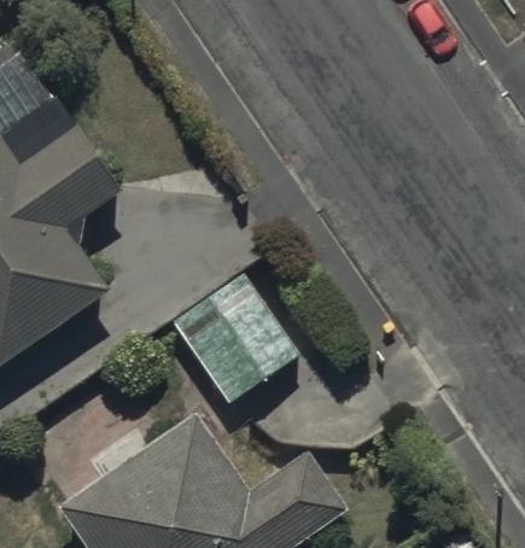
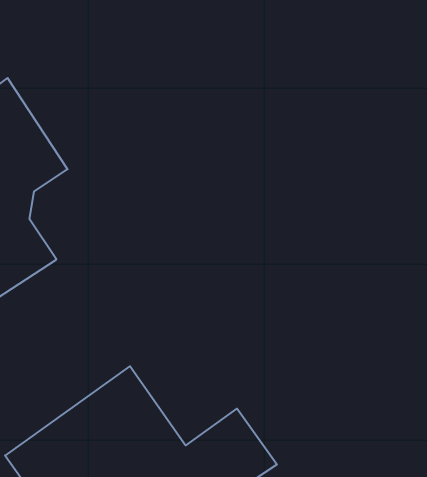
building: [171,273,298,402] -> none

